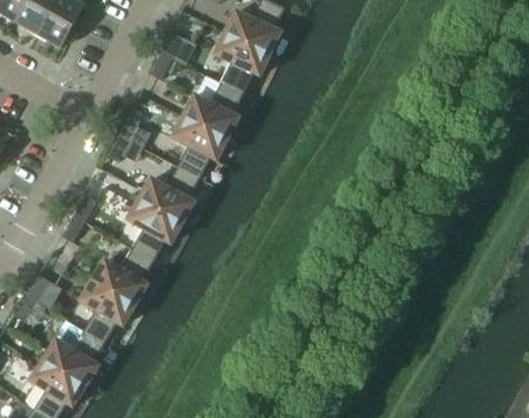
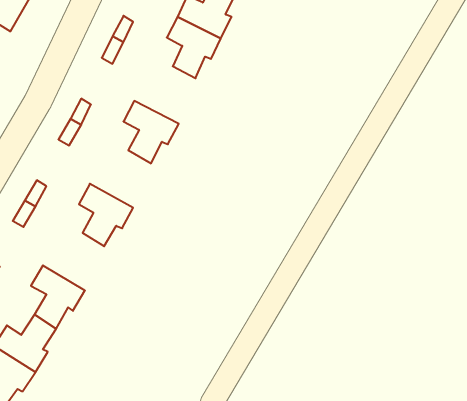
building: [184,81,245,139] -> none
building: [140,165,201,222] -> none
building: [93,247,154,305] -> none

